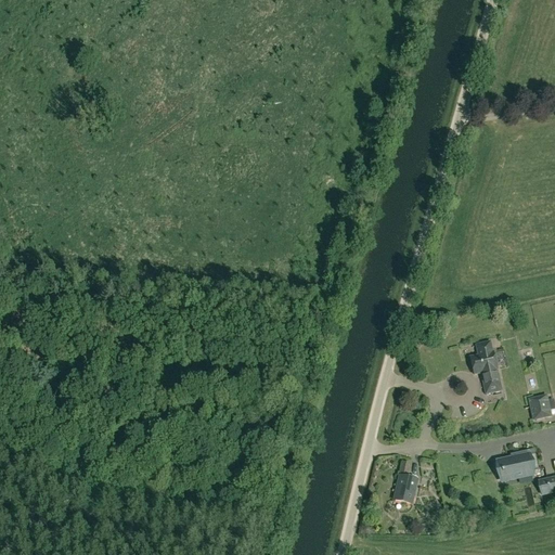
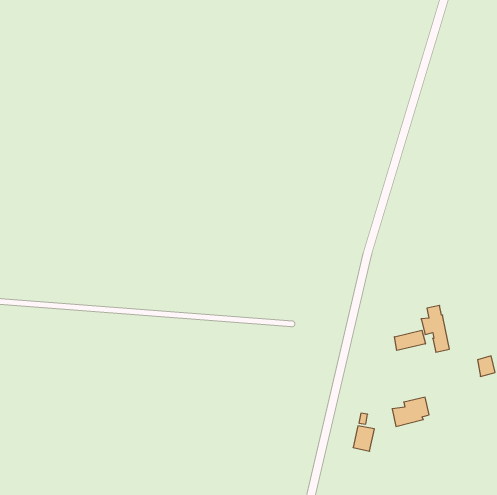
building: none -> [394,330,425,350]
building: [498,448,539,480] -> [392,397,429,426]

